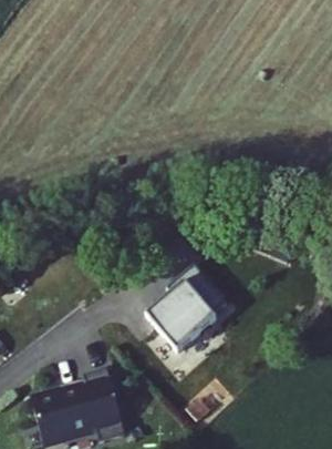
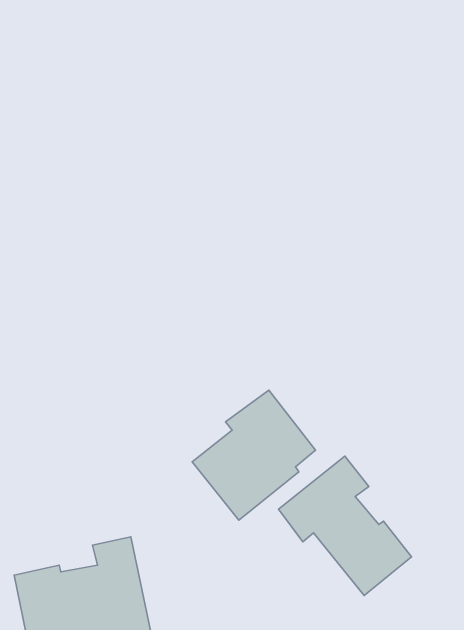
building: none -> [278,456,412,596]

